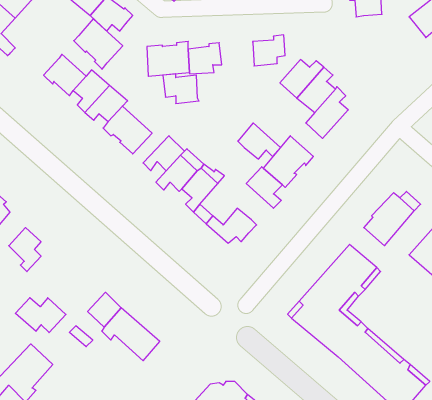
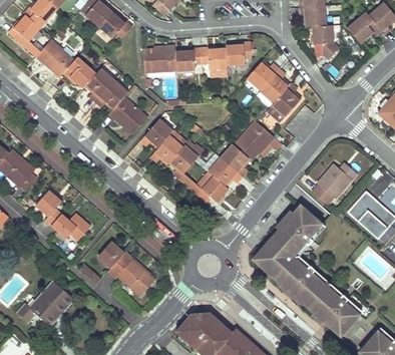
building: none -> [312,25,339,60]
building: [74,19,123,69] -> [37,39,75,78]
building: [163,74,199,103] -> [200,47,228,70]
building: [238,123,280,159] -> [209,157,242,186]
building: [15,298,66,333] -> [50,214,89,241]

